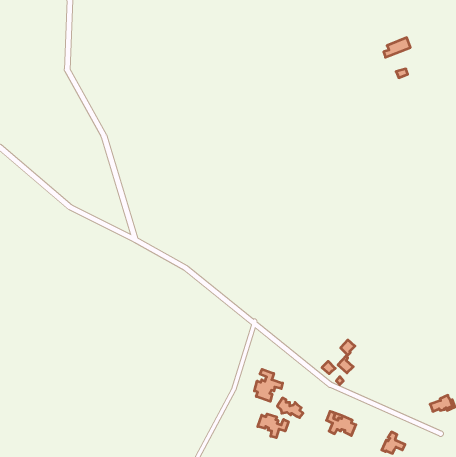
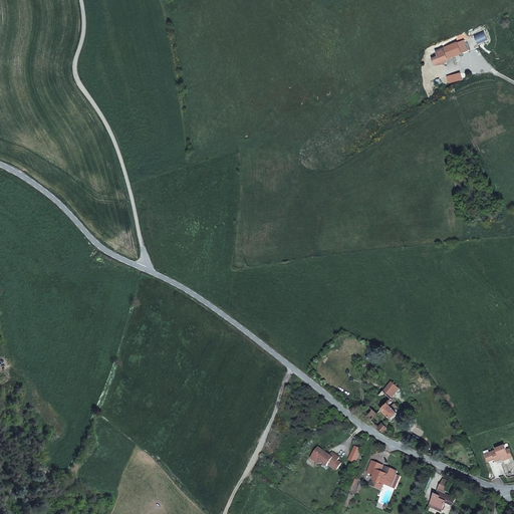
building: [254,369,283,401] -> none
building: [258,414,288,438] -> none

